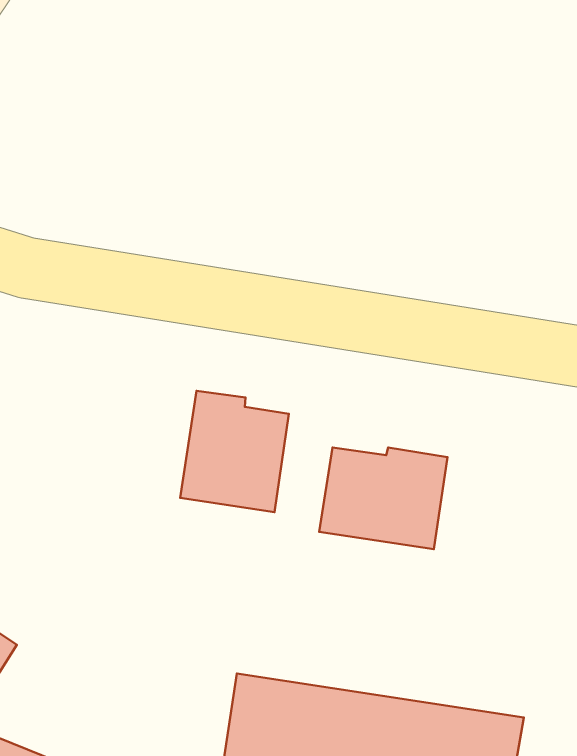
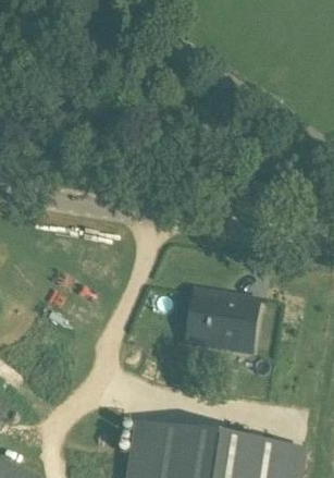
building: [180,391,289,512] -> none

